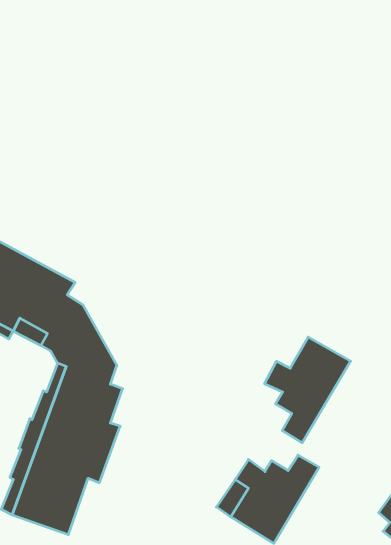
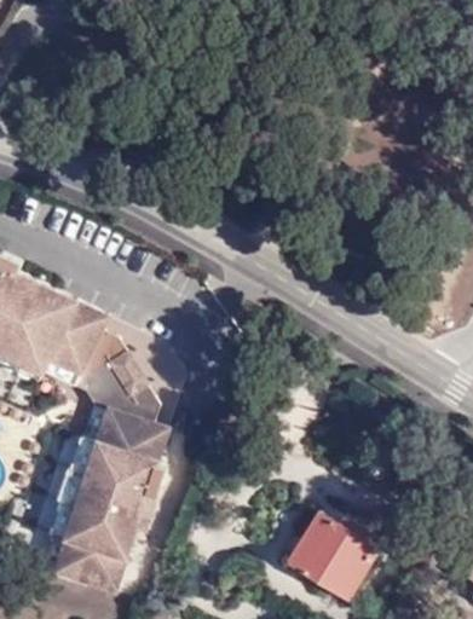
building: [265,337,351,443] -> none

